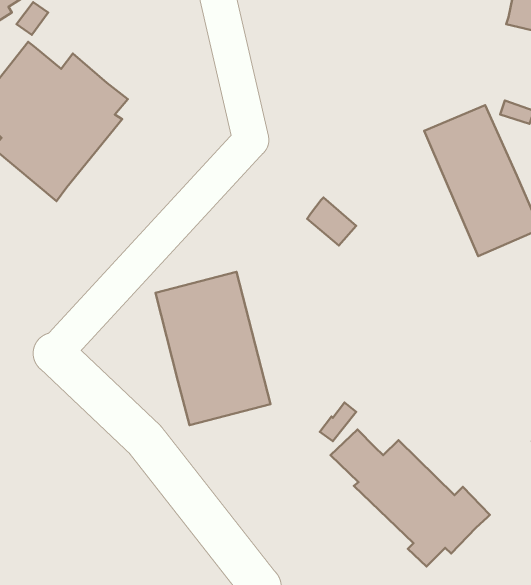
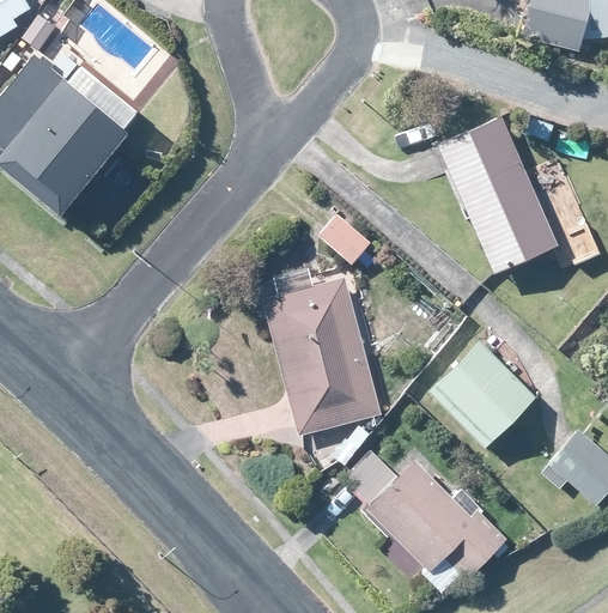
building: [156,272,270,425] -> [263,278,381,435]
building: none -> [431,341,535,447]

